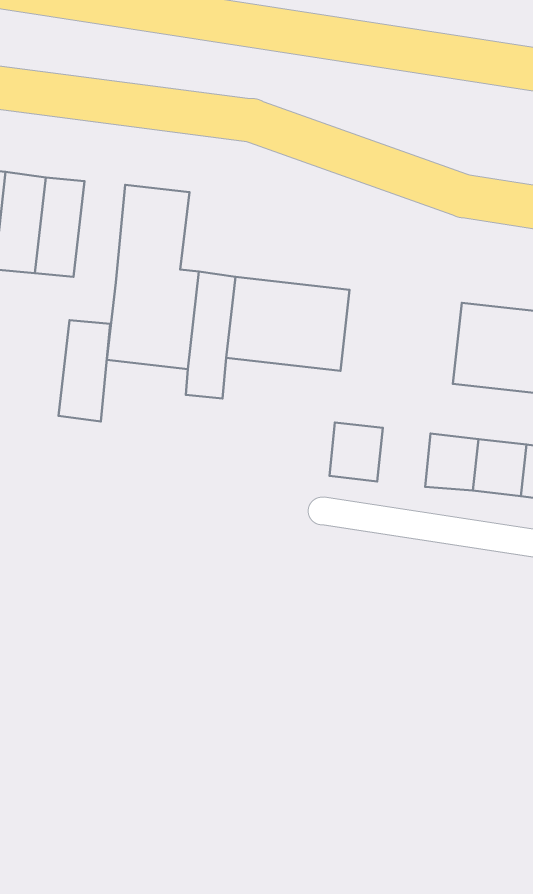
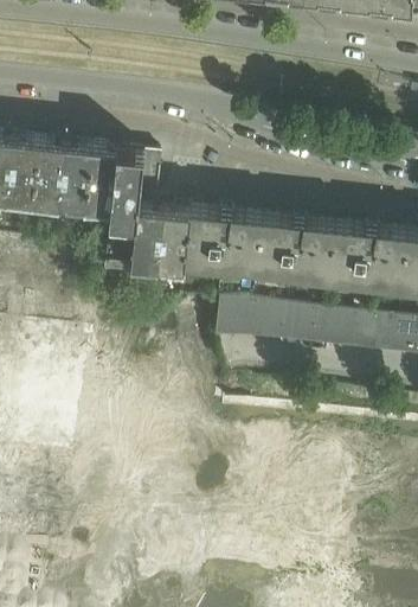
building: none -> [255,212,333,273]
building: [59,320,110,421] -> [83,142,116,207]
building: none -> [216,294,251,332]
building: none -> [278,301,313,339]

